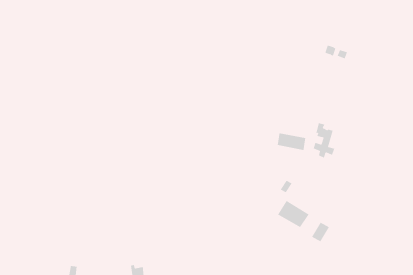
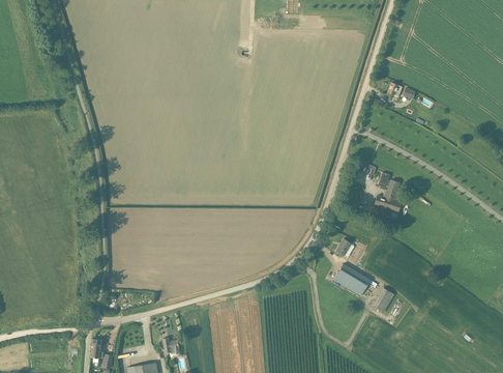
building: [277,133,306,151] -> none

